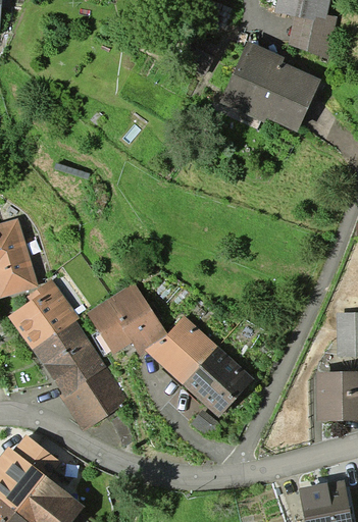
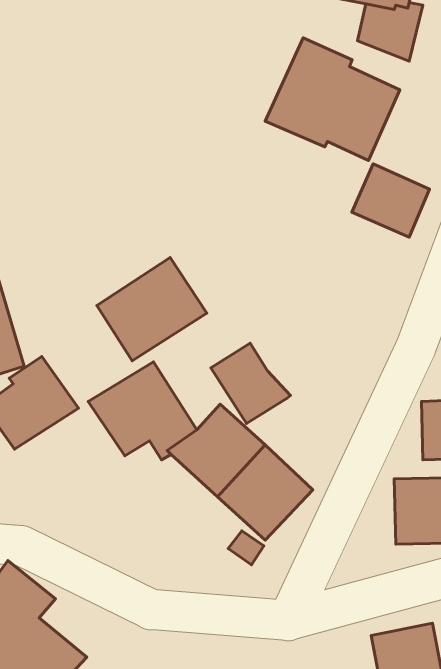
building: none -> [352,164,430,237]
building: none -> [97,258,207,361]
building: none -> [211,343,291,424]
building: [31,320,129,431] -> none

